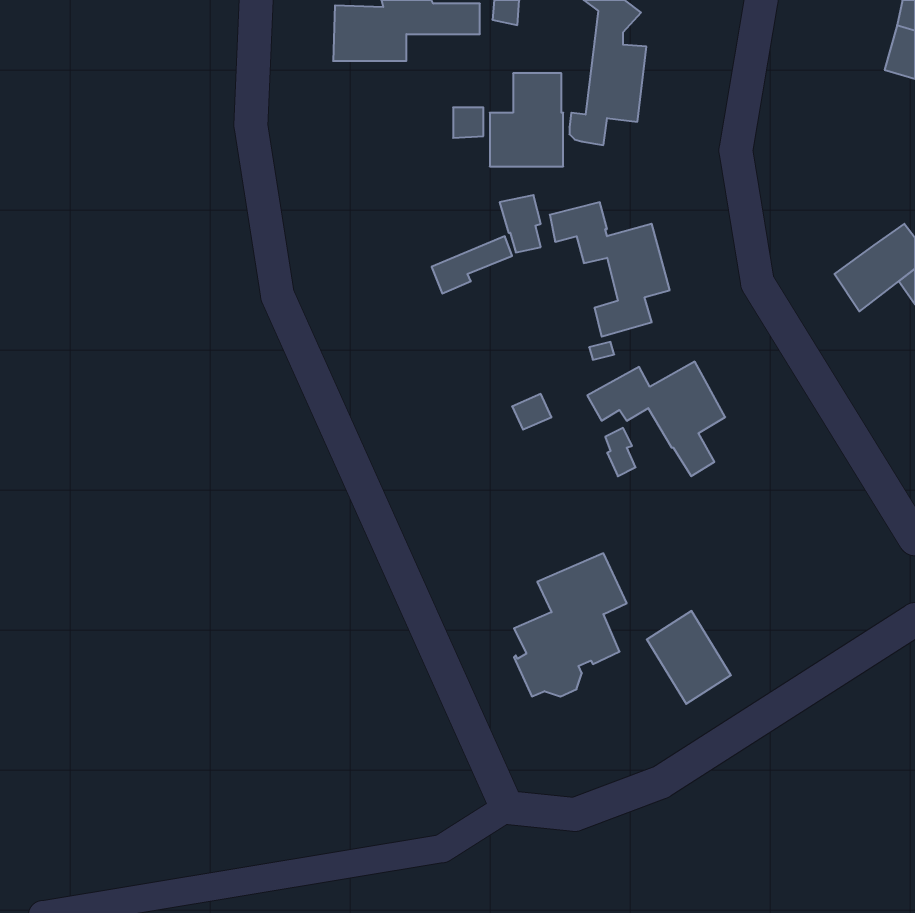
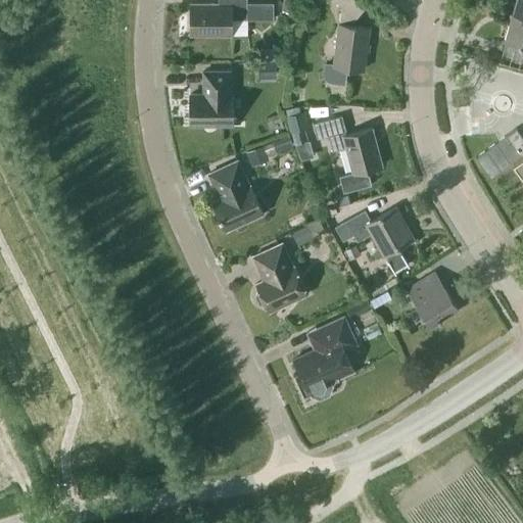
building: [490,73,563,166] -> [190,73,232,126]
building: none -> [209,160,264,231]
building: none -> [254,243,306,313]
building: [647,611,731,704] -> [409,274,457,327]

